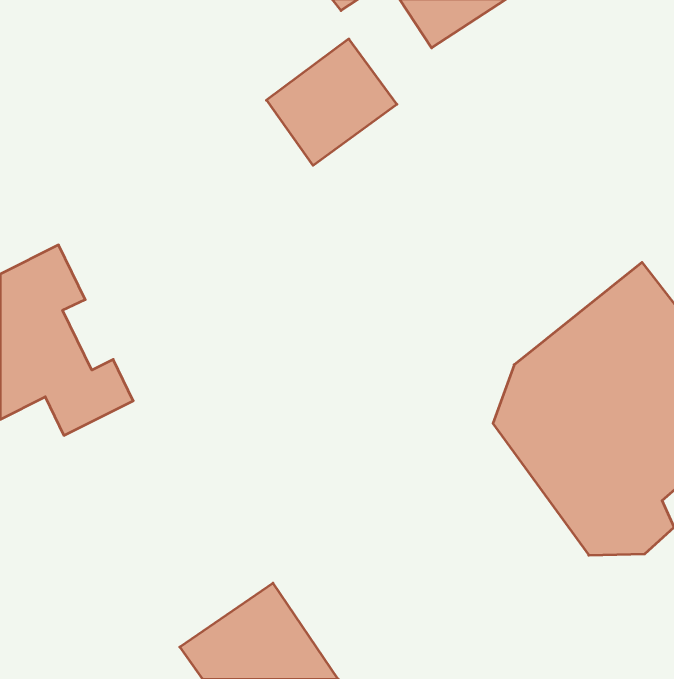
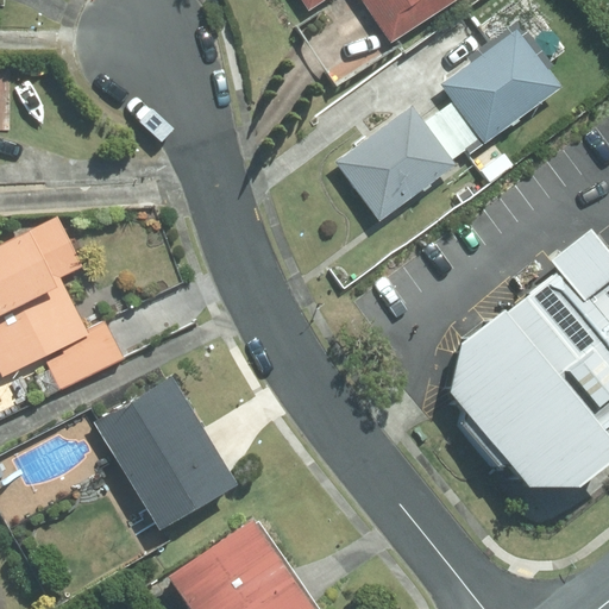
building: none -> [442,30,561,143]
building: [266,39,397,165] -> [338,107,454,220]
building: none -> [94,377,234,529]

